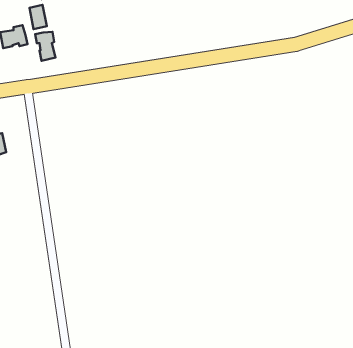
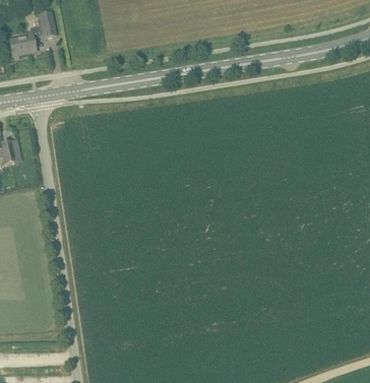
building: [35,32,55,61] -> none

